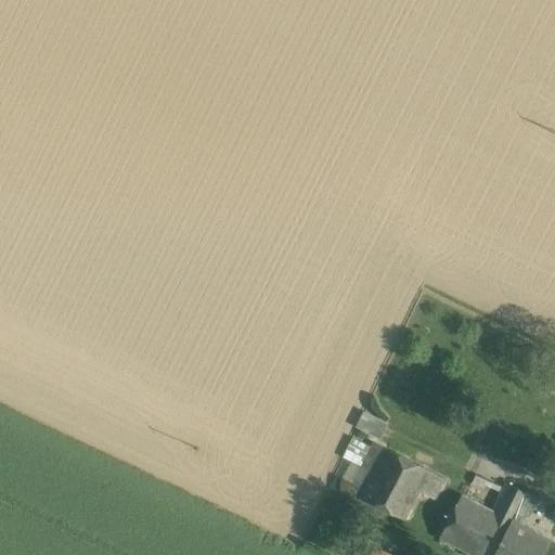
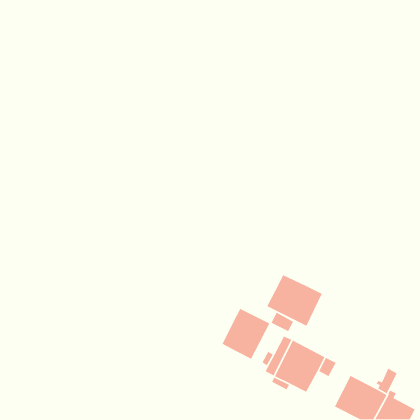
building: none -> [266,274,323,327]
building: none -> [222,308,270,360]

